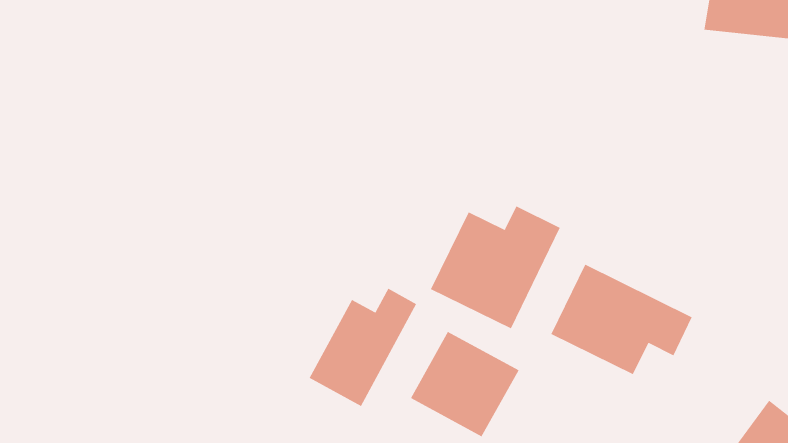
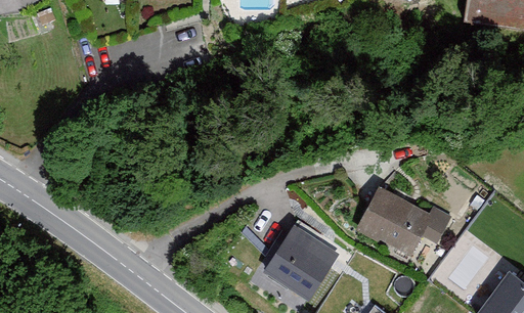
building: [430,205,561,329] -> none
building: [309,288,417,407] -> none

